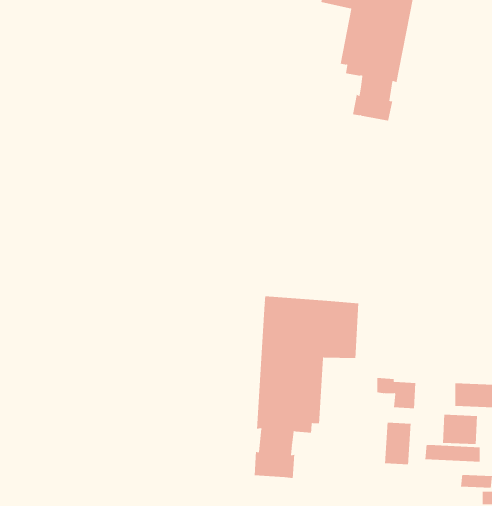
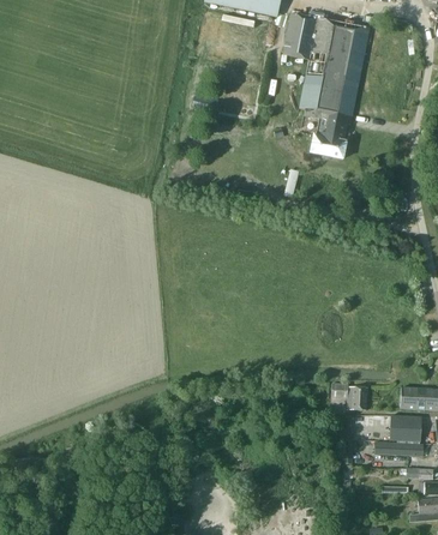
building: [254,295,359,479] -> none
building: [384,422,411,465] -> none

